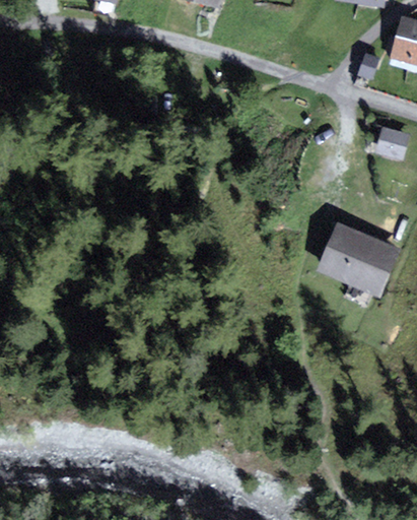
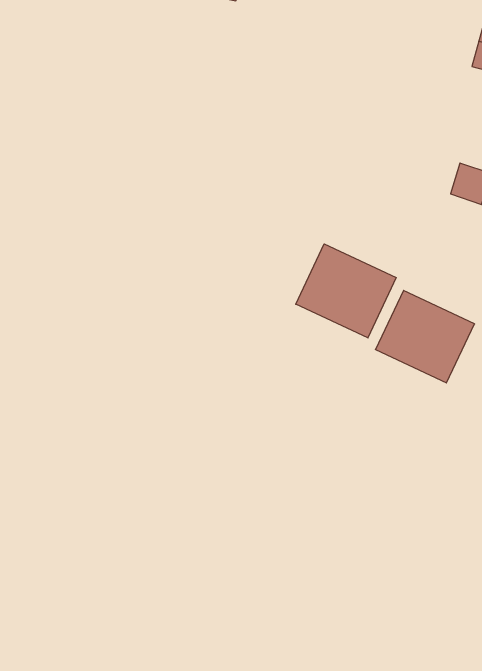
building: none -> [296,244,396,338]

